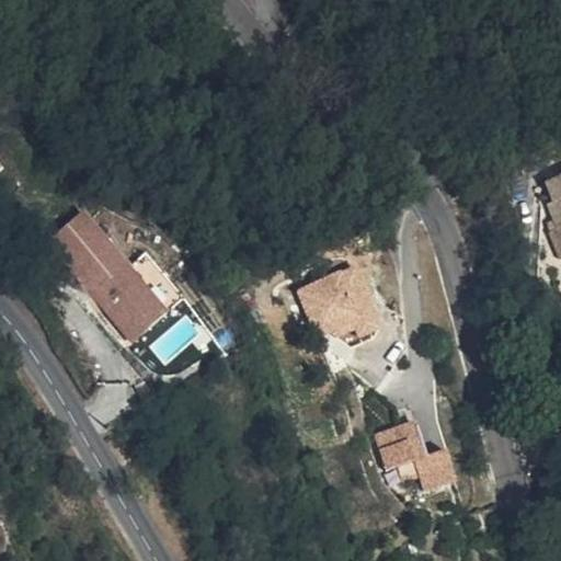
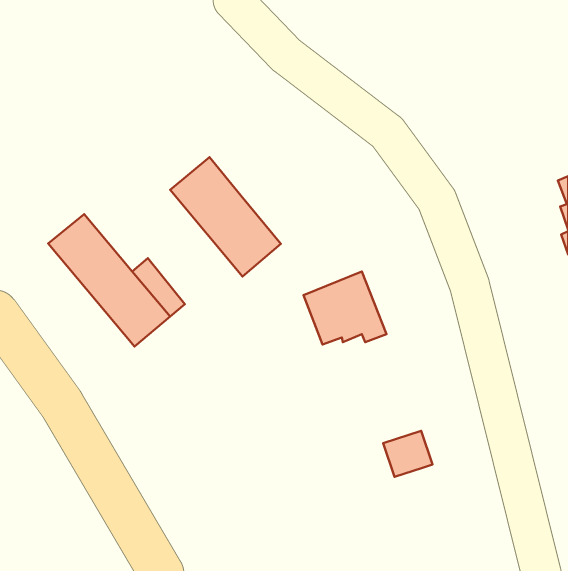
building: none -> [170,157,281,277]
building: [413,449,456,491] -> none

